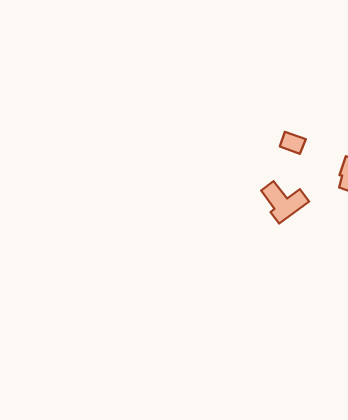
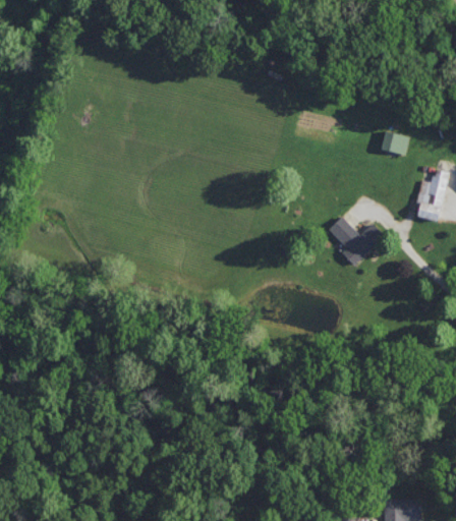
building: [280,132,306,154] -> [382,131,410,155]

